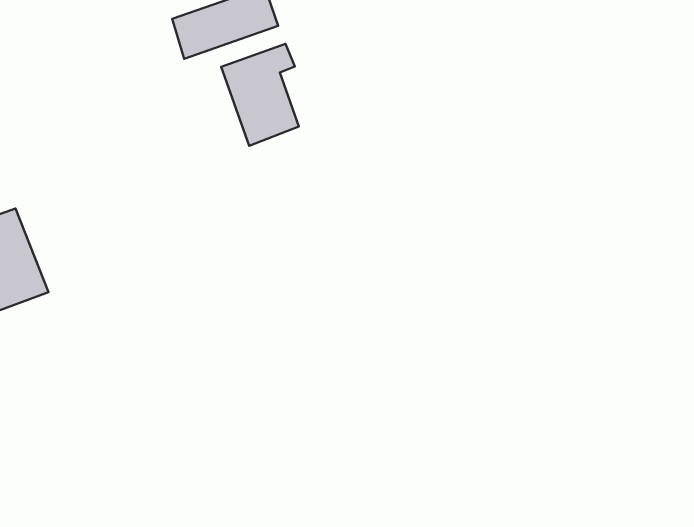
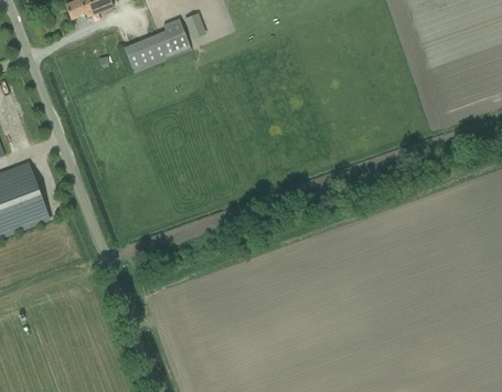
building: [221,44,299,146] -> none

